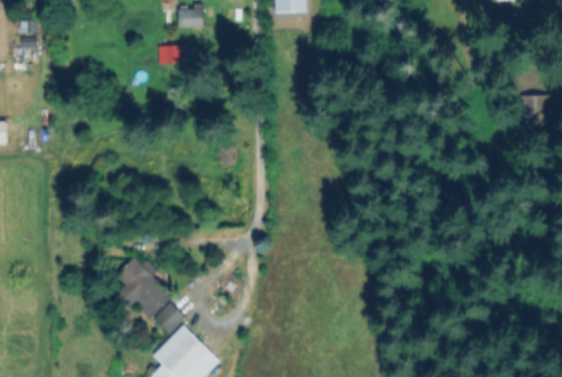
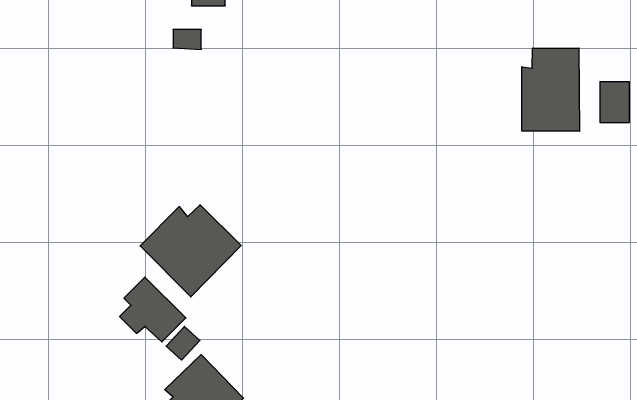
building: none -> [522,48,580,131]
building: none -> [140,205,241,297]

